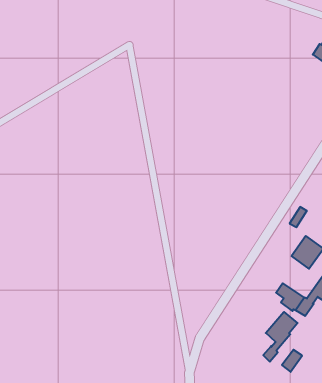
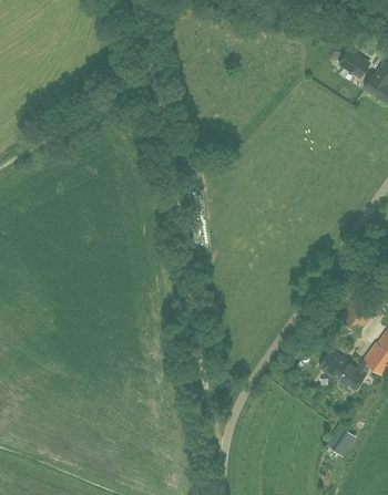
building: none -> [338,50,369,78]
building: [263,312,298,362] -> none

